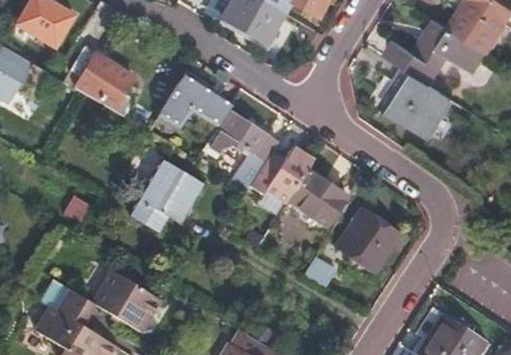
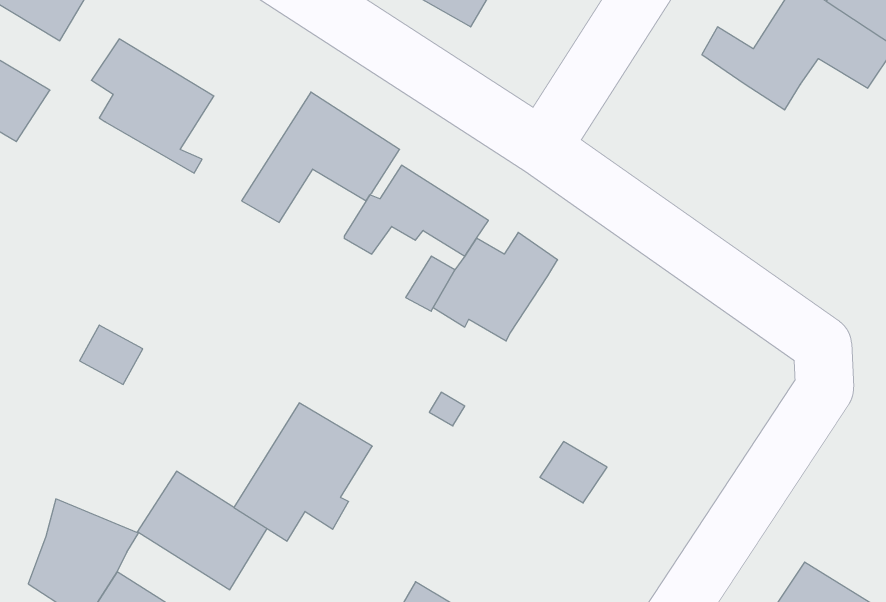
building: [370,70,453,137] -> none
building: [130,161,201,233] -> [234,403,372,541]
building: [287,169,345,224] -> none
building: [334,210,397,273] -> none

